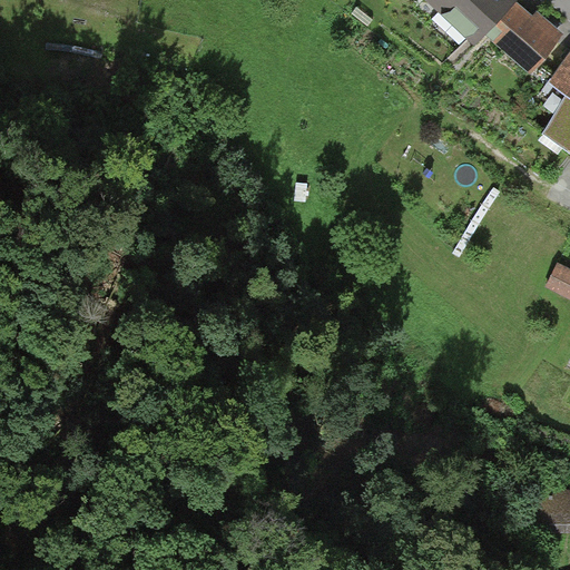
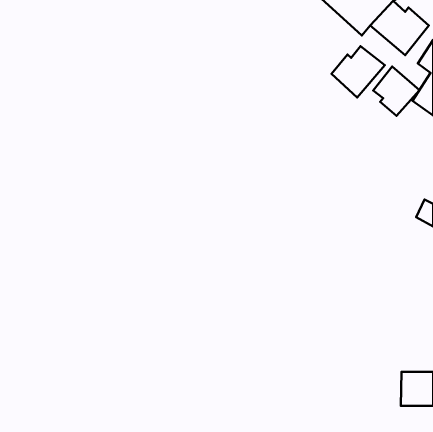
building: none -> [331,46,385,97]
building: none -> [373,66,420,116]

